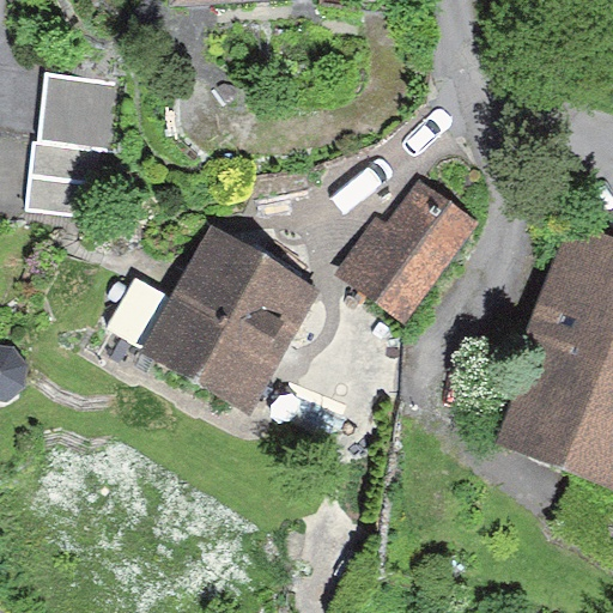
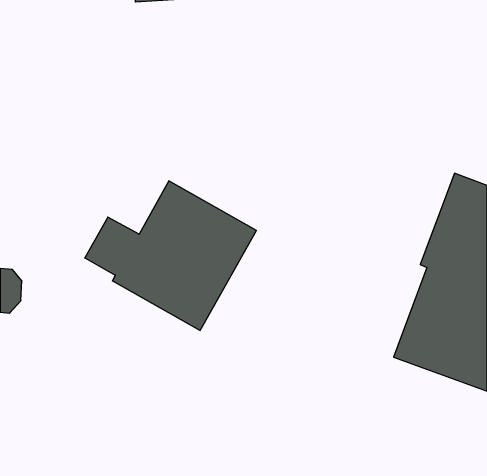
building: [28,62,116,207] -> none
building: [332,172,479,320] -> none

